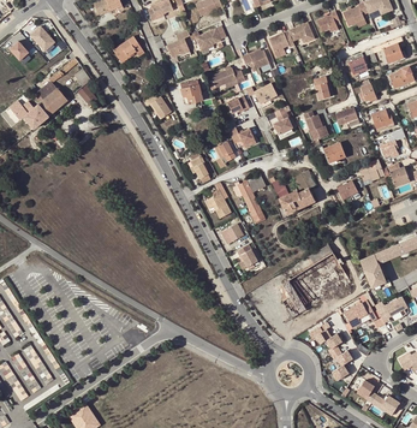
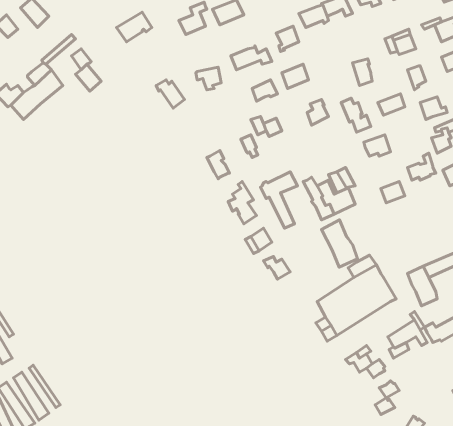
building: none -> [321,220,358,267]

